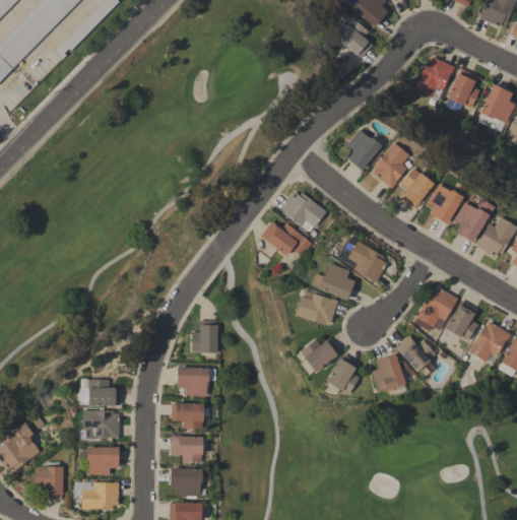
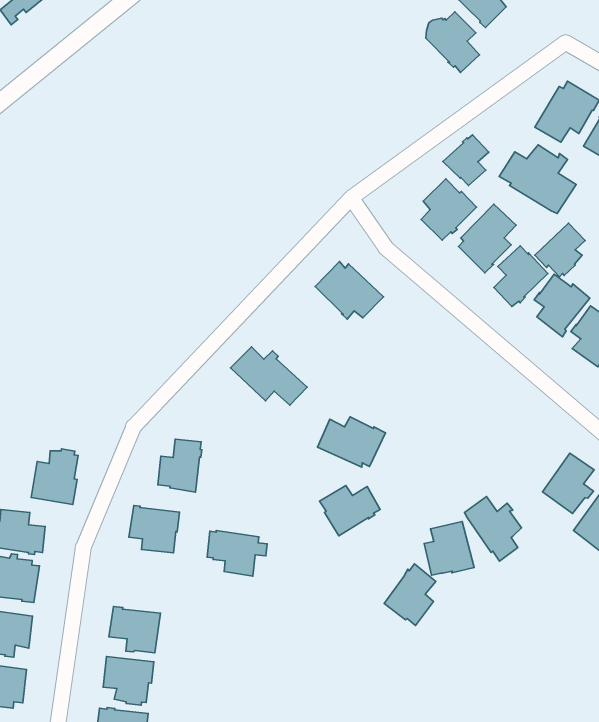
building: none -> [443,135,489,186]
building: none -> [499,145,576,213]
building: none -> [535,223,585,277]
building: [261,220,313,256] -> [231,347,307,405]
building: [347,241,388,282] -> none
building: [317,262,354,301] -> none
building: [414,286,458,331] -> none
building: none -> [31,449,78,505]
building: [326,353,359,394] -> [384,564,436,626]
building: [172,402,210,430] -> [207,530,267,576]

